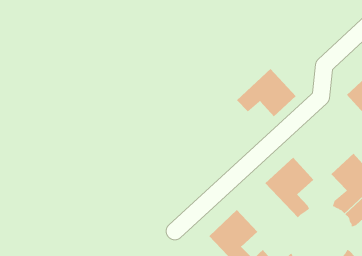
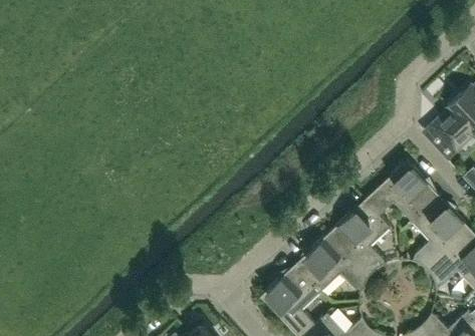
building: [236,68,297,117] -> [365,160,439,221]
building: none -> [295,232,371,292]

